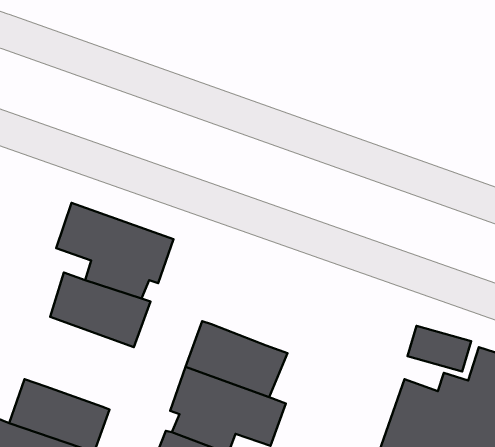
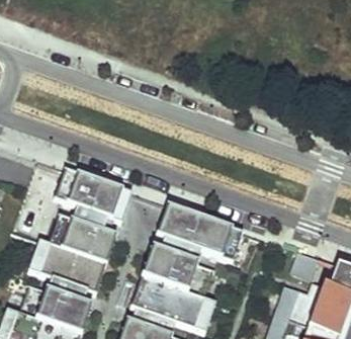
building: none -> [157,205,235,264]
building: none -> [30,242,107,305]

